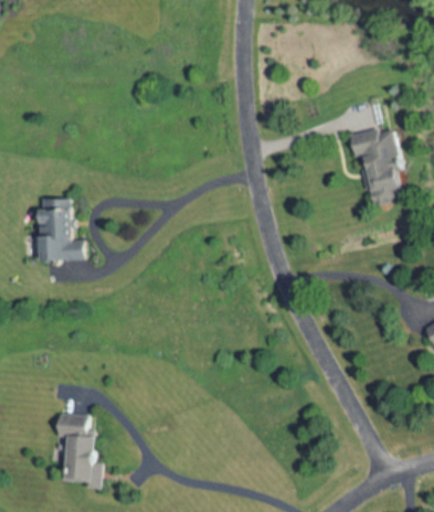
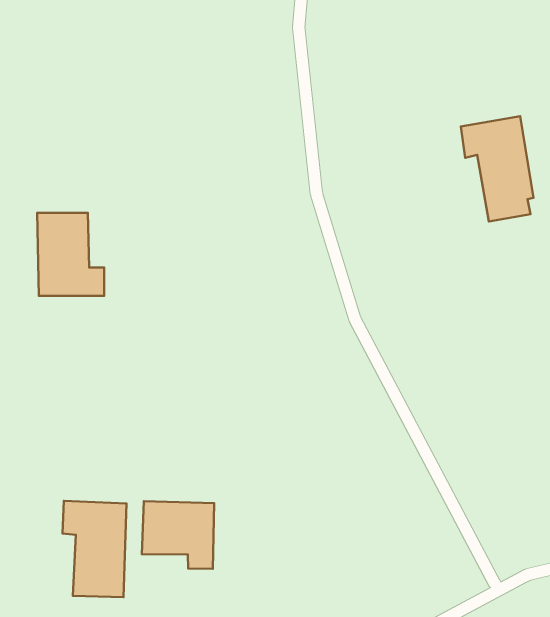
building: none -> [142,501,214,569]

